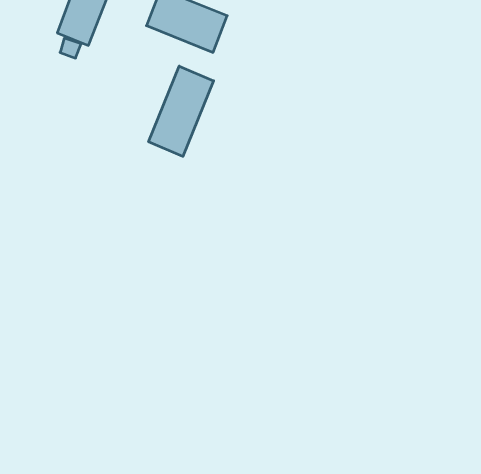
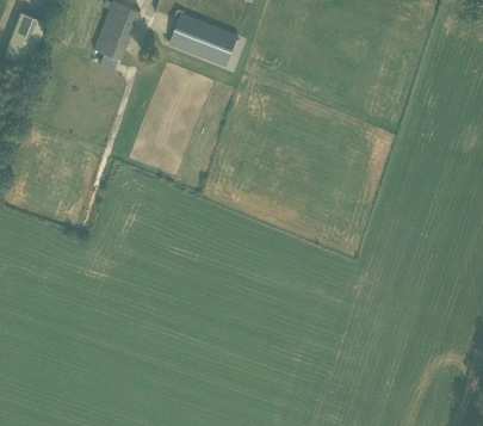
building: [149,66,214,156] -> none

